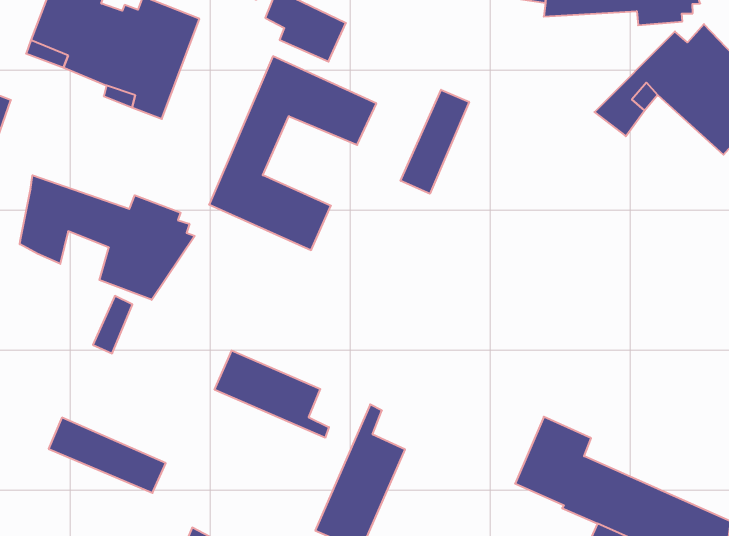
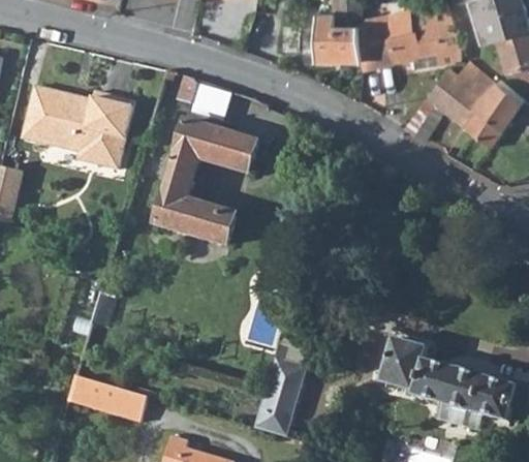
building: [401,90,469,194] -> none
building: [20,175,195,300] -> none
building: [215,350,329,438] -> none

